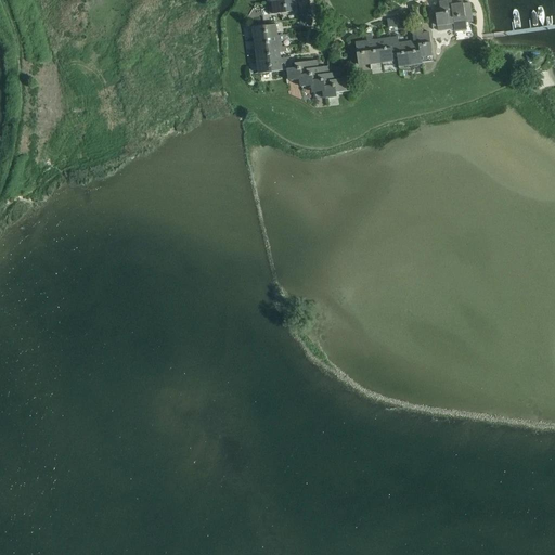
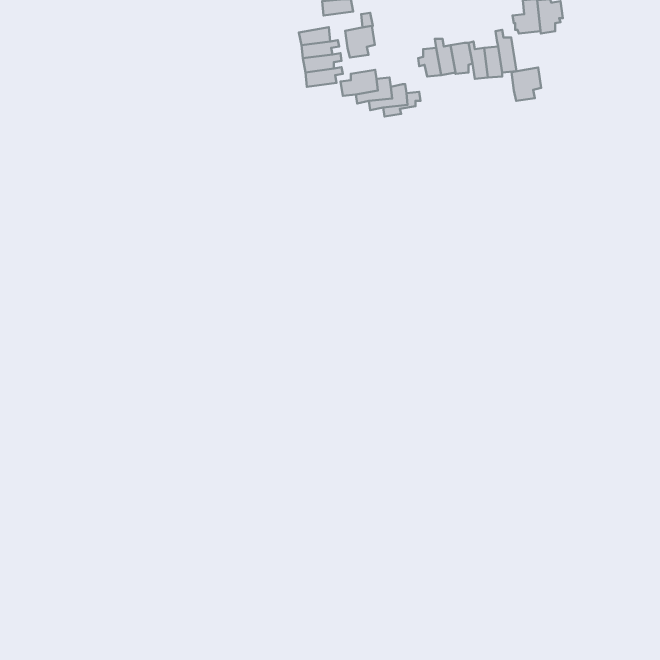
building: none -> [345,26,375,57]
building: none -> [511,67,541,101]

